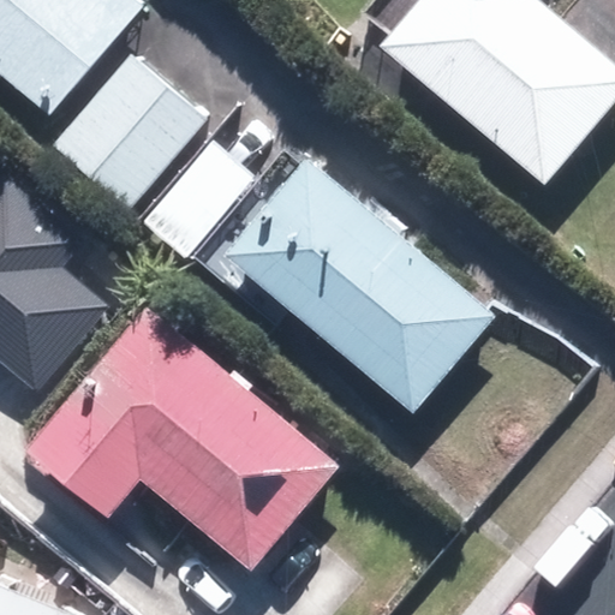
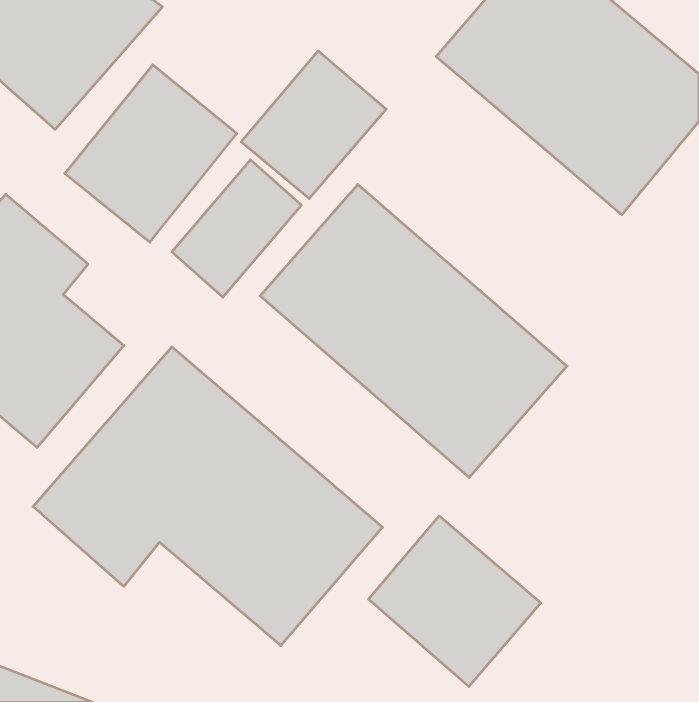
building: none -> [241,51,386,199]
building: none -> [369,516,541,687]

